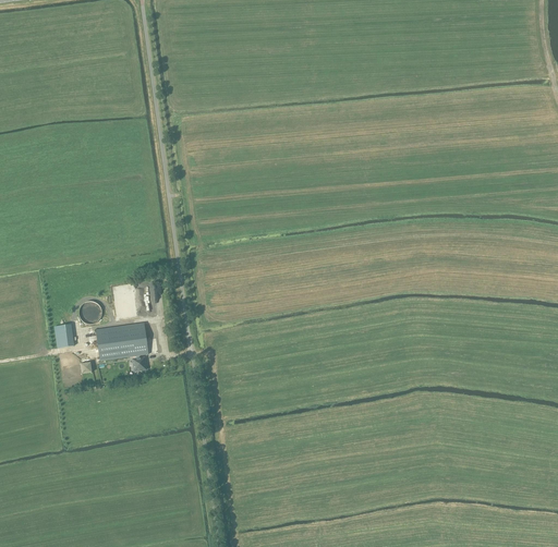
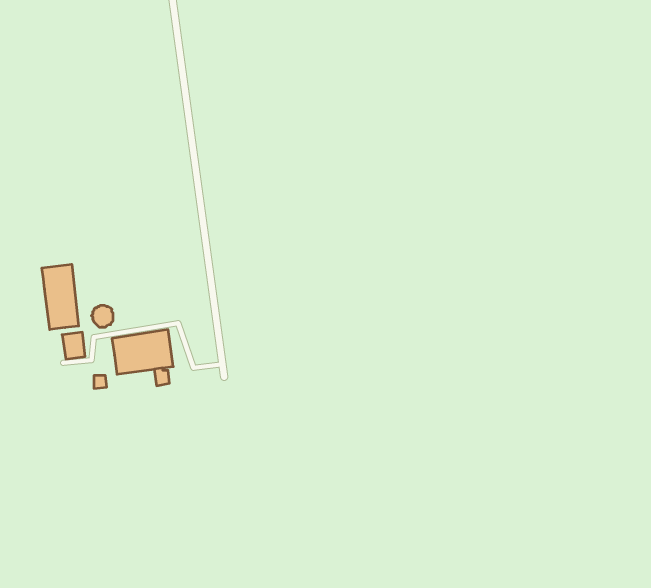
building: none -> [42,264,79,330]

